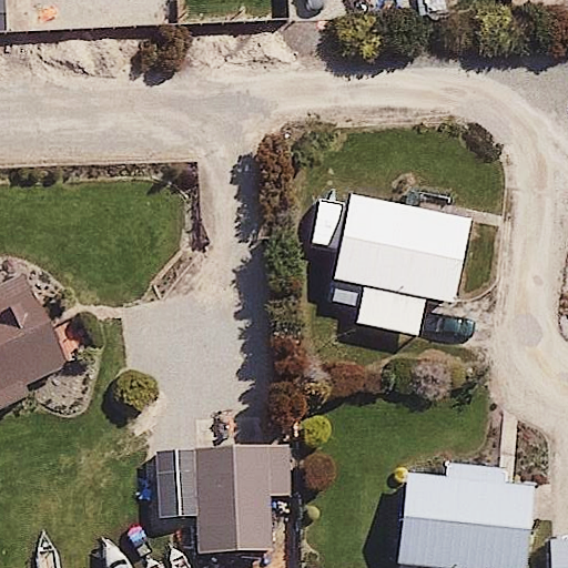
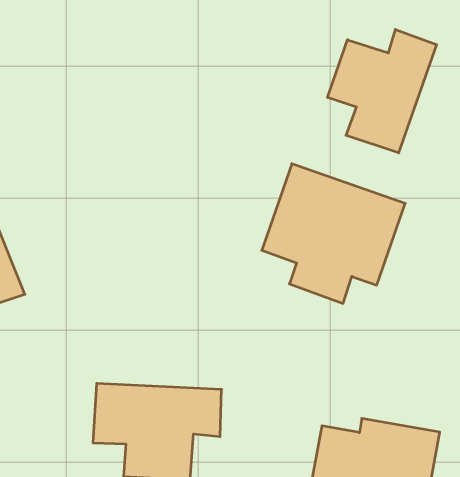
building: none -> [328,29,437,153]

